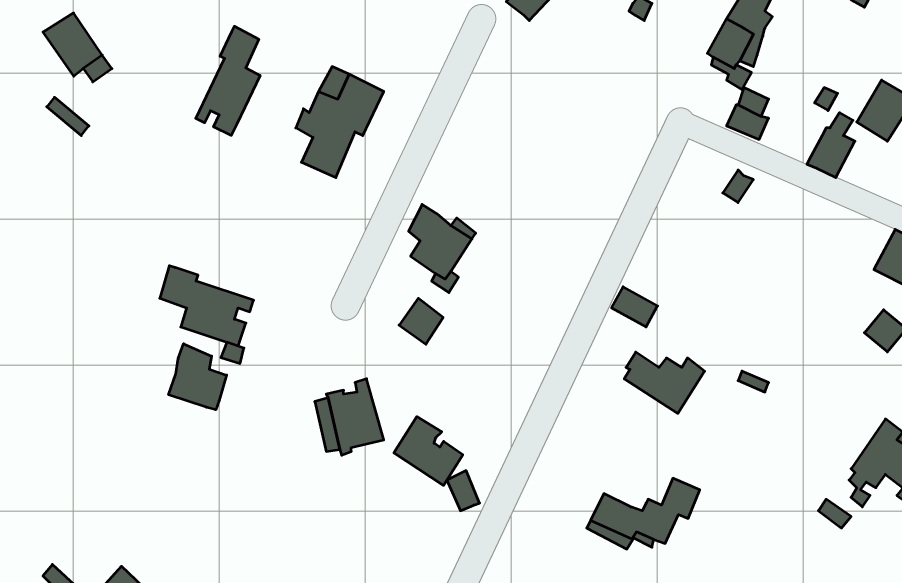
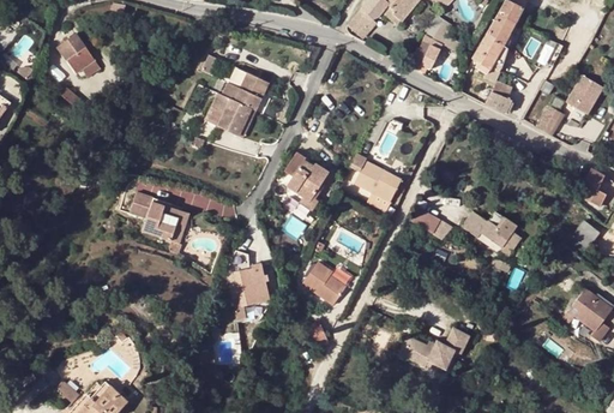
building: none -> [409,41,439,70]
building: [196,26,260,135] -> none
building: none -> [350,150,402,199]
building: [169,344,227,410] -> none
building: [624,352,705,413] -> [465,214,516,252]
building: [394,417,463,485] -> [303,262,347,305]

